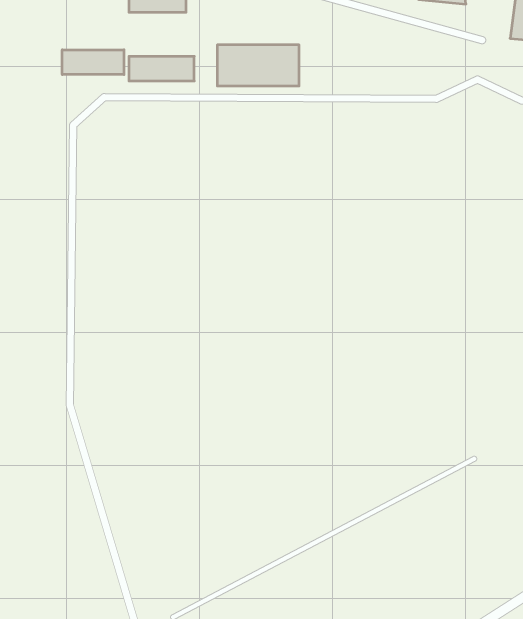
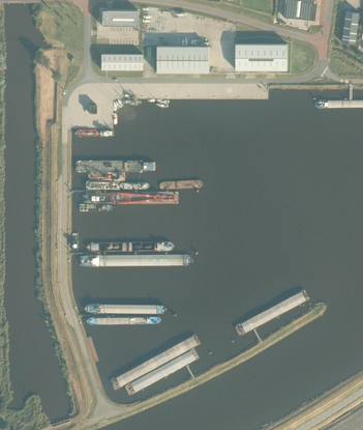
building: none -> [235,42,286,69]
building: [62,50,124,75] -> none

